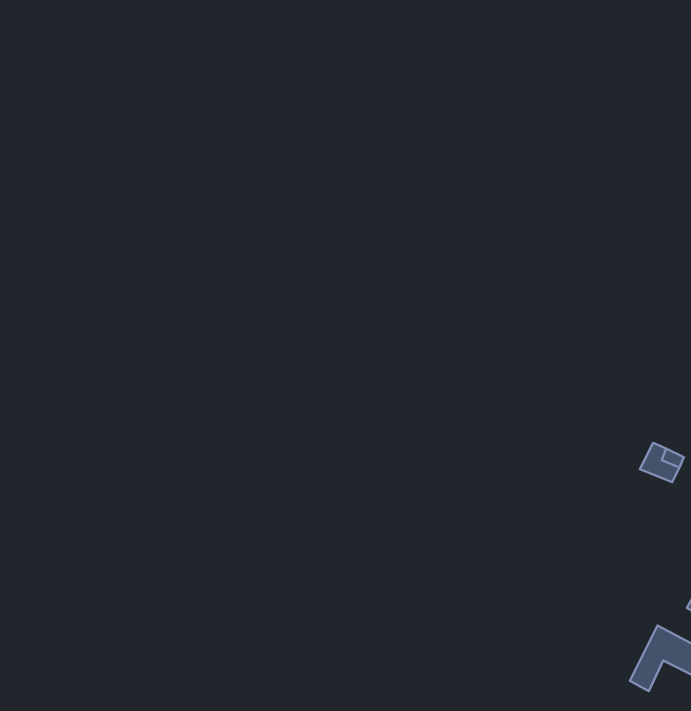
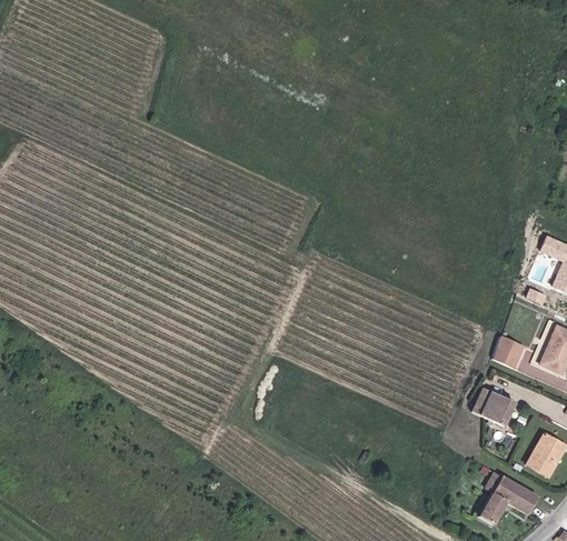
building: none -> [474,388,516,427]

